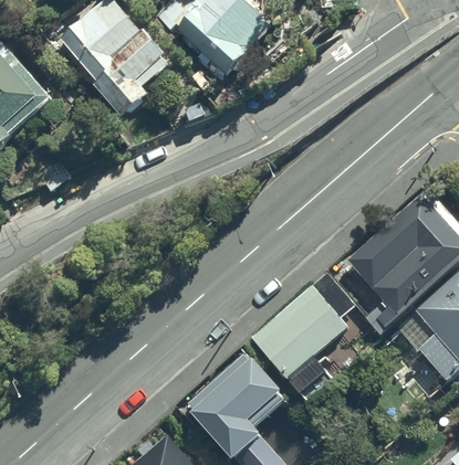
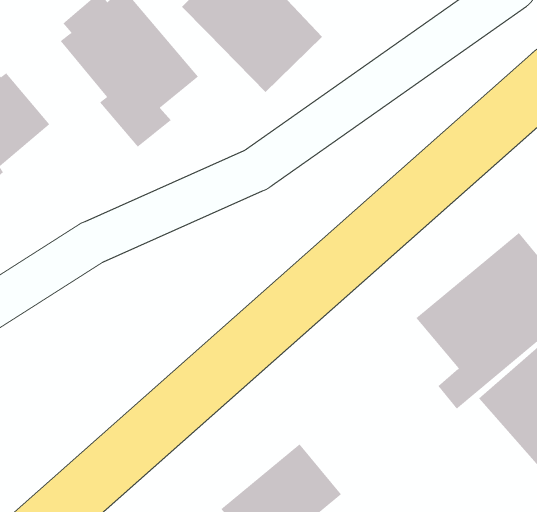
building: [251,271,353,391] -> none

